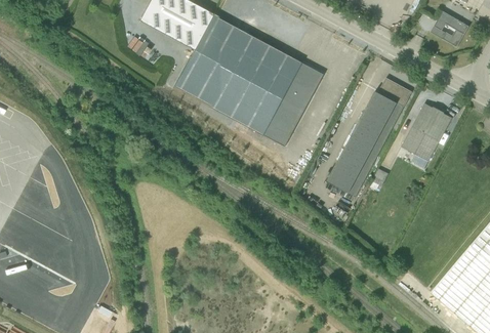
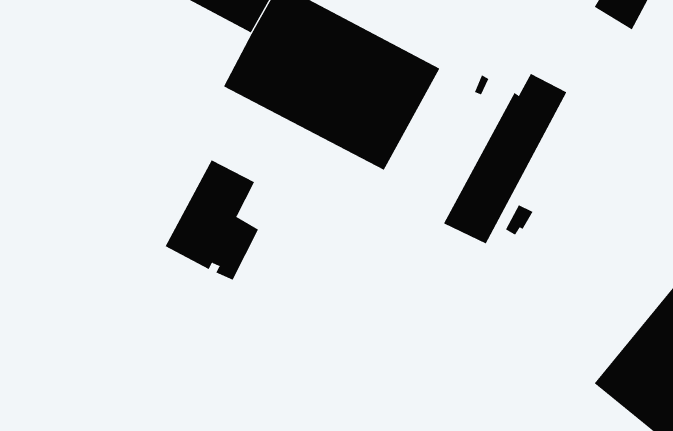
building: [402,102,453,168] -> none
building: none -> [165,160,259,280]

